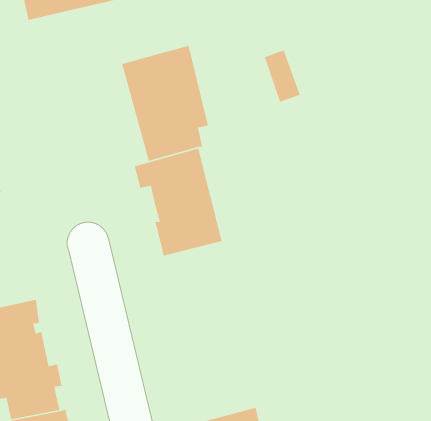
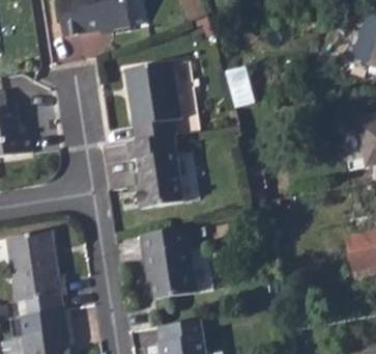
building: none -> [139,227,197,301]

